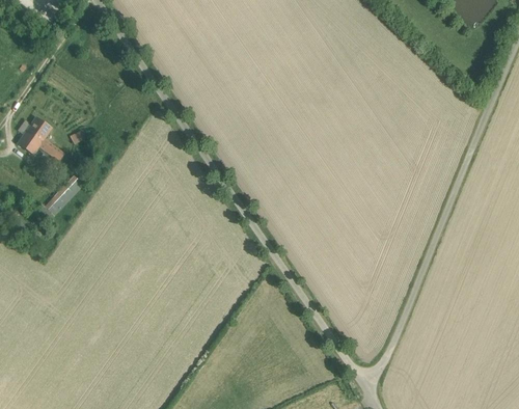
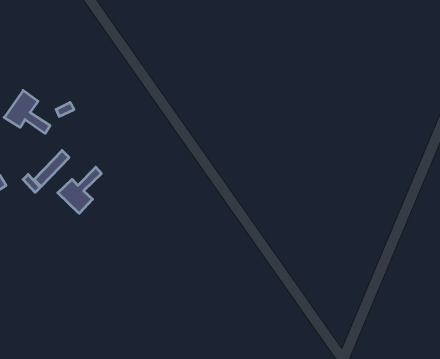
building: none -> [58,167,101,213]

